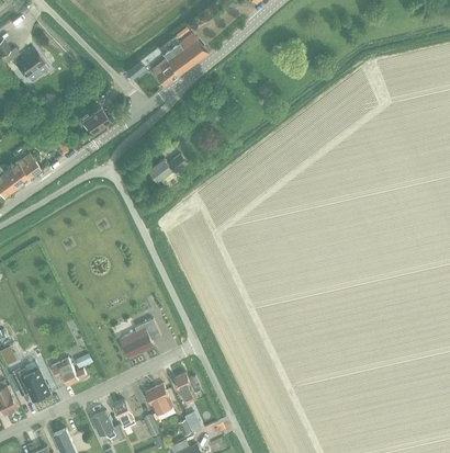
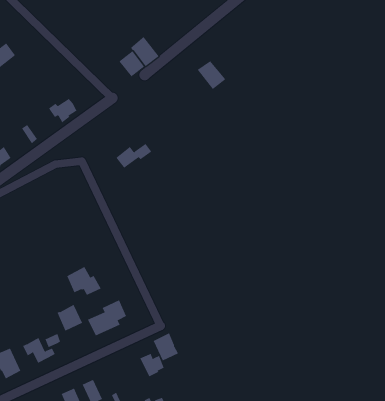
building: [177,32,207,63] -> [197,60,226,90]
building: none -> [66,266,101,297]
building: none -> [57,304,83,331]
building: [144,383,171,412] -> [153,333,179,361]

